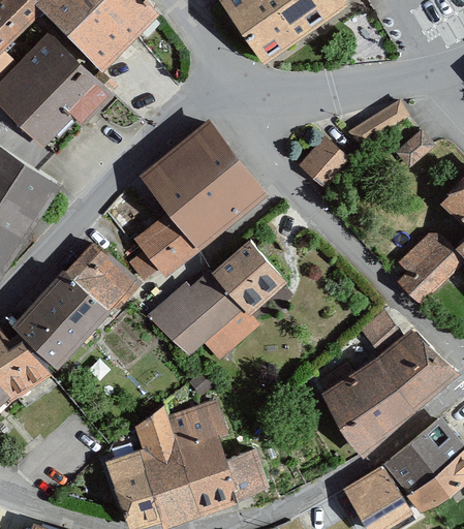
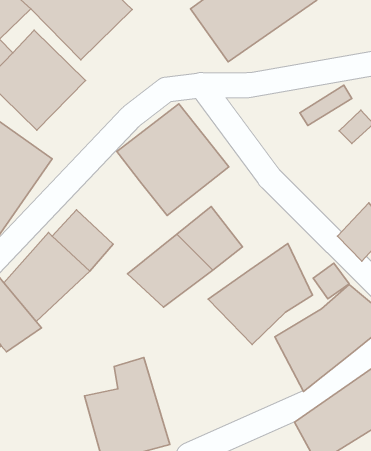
building: [304,142,347,185] -> none
building: [133,214,196,276] -> none
building: none -> [208,244,312,345]
building: [169,400,267,514] -> none

